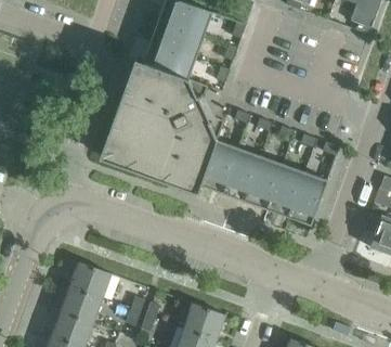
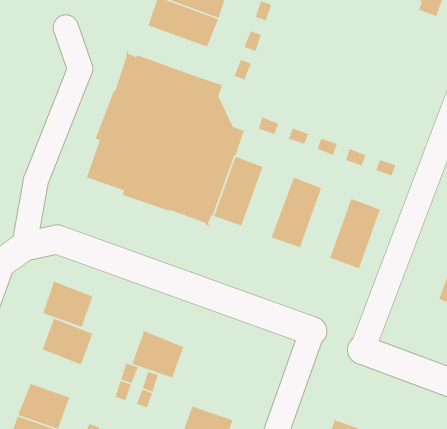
building: [143,41,196,79] -> none
building: [222,147,261,202] -> none
building: [266,164,304,217] -> none
building: [62,286,101,322] -> [42,280,94,328]
building: [184,303,225,339] -> [131,330,186,379]

